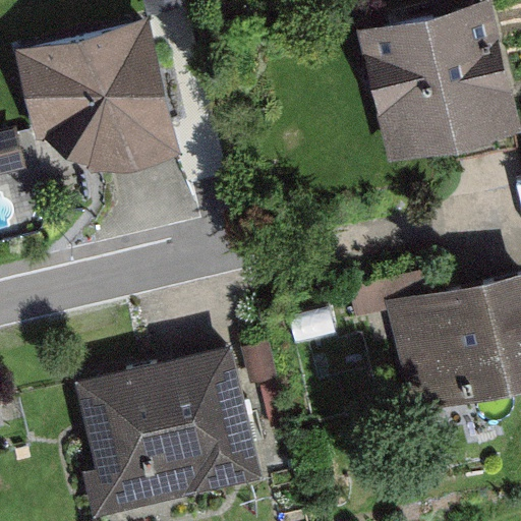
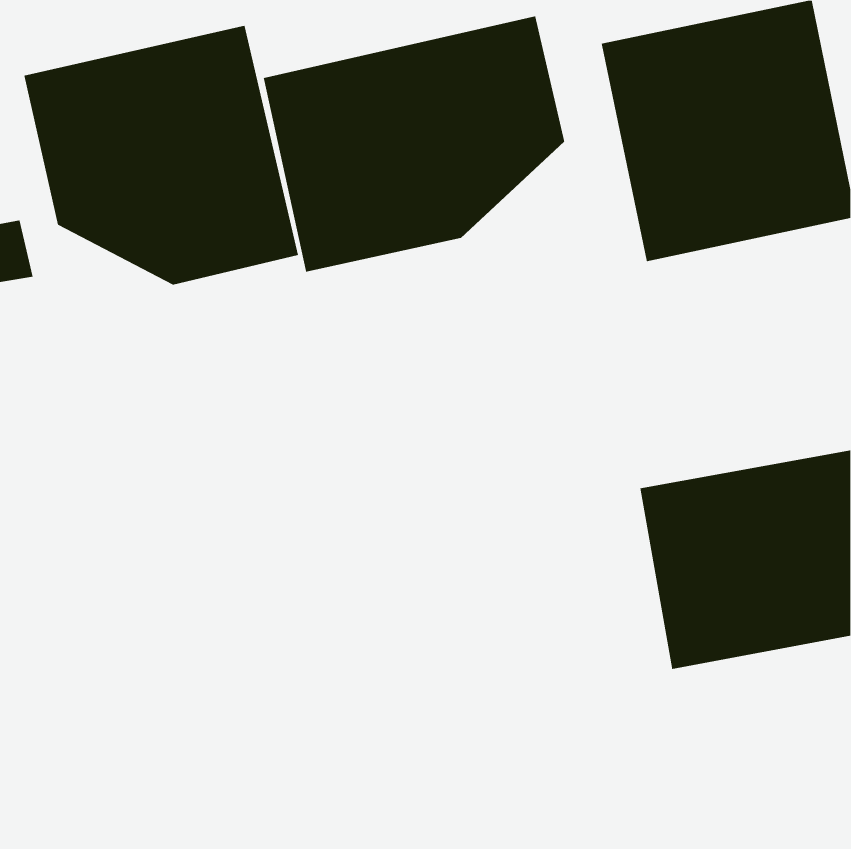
building: none -> [263,15,565,273]
building: [76,348,262,511] -> none

